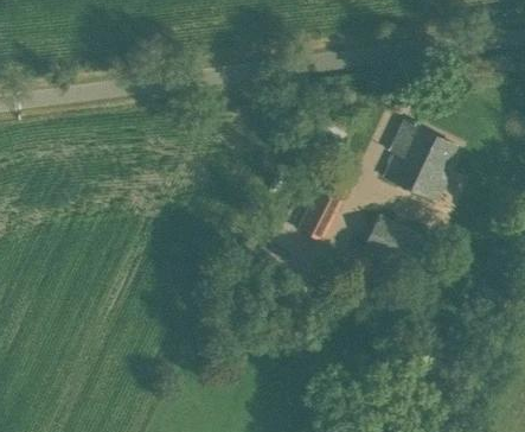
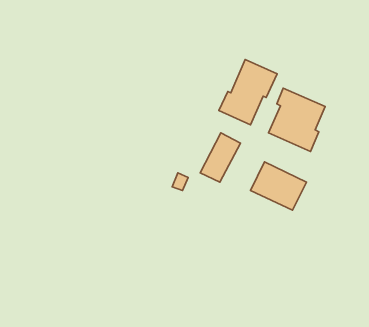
building: none -> [219,60,277,125]

